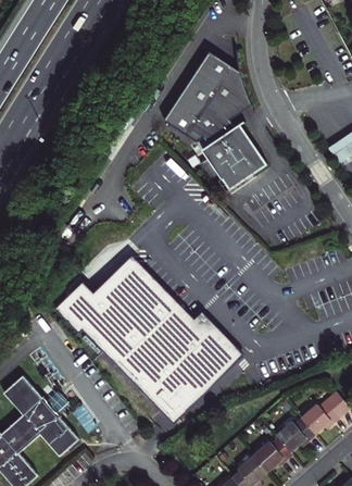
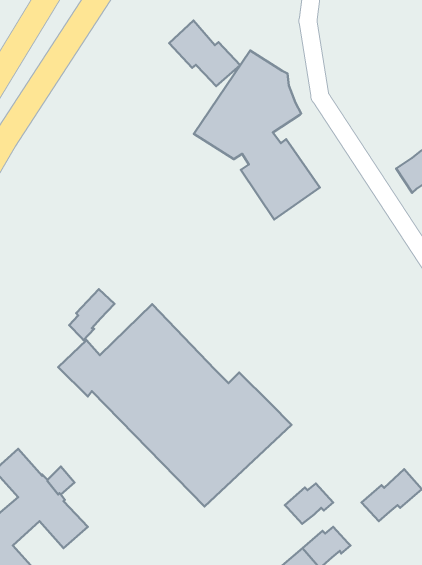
building: none -> [169,20,240,86]
building: none -> [69,289,115,340]
building: [275,419,314,451] -> [285,484,333,524]

